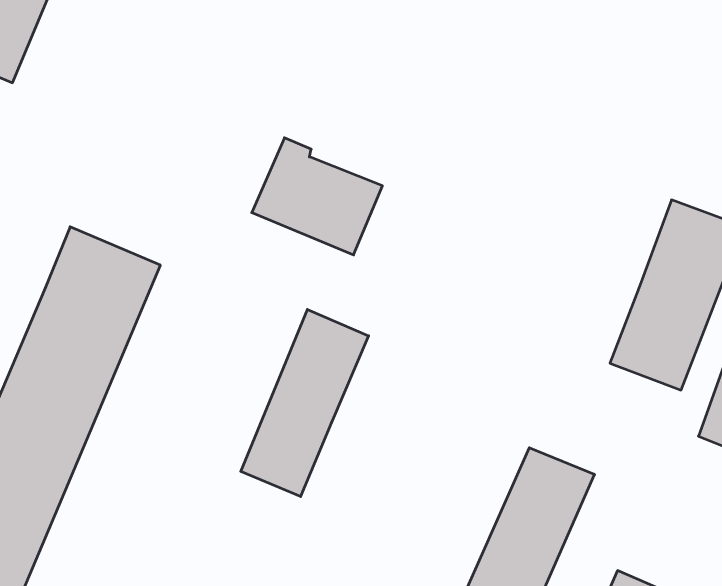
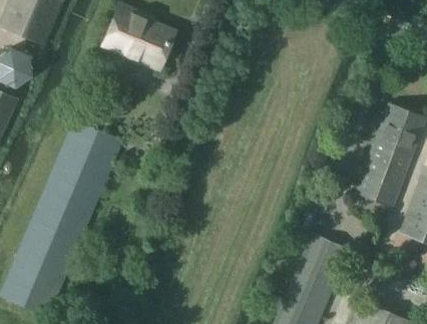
building: [252,138,382,255] -> [104,7,172,68]
building: [241,309,369,497] -> none

